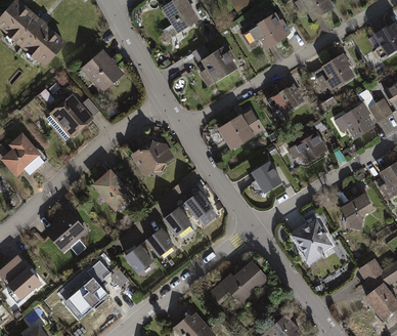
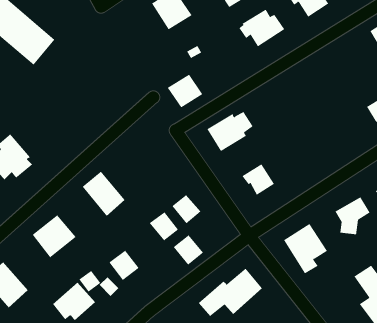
building: [203,48,237,81] -> [167,74,203,108]
building: [83,50,127,94] -> none
building: [318,53,354,88] -> none
building: [268,84,301,115] -> none
building: [51,92,96,138] -> none
building: [333,106,371,139] -> none
building: [285,130,326,164] -> none
building: [133,137,173,176] -> none
building: [141,227,171,257] -> [173,234,204,265]

